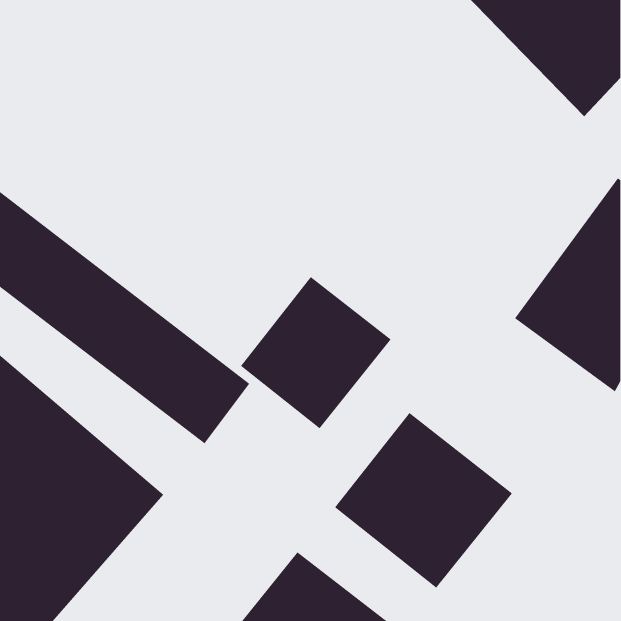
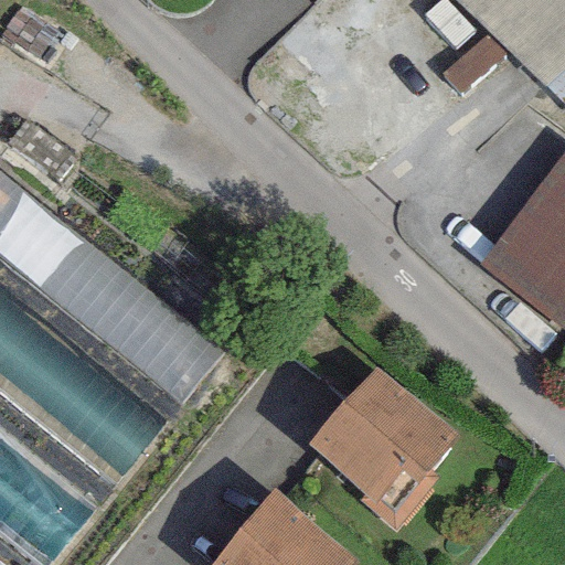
building: [240,276,391,429] -> none

